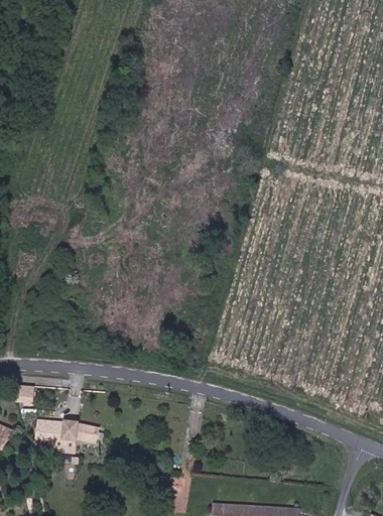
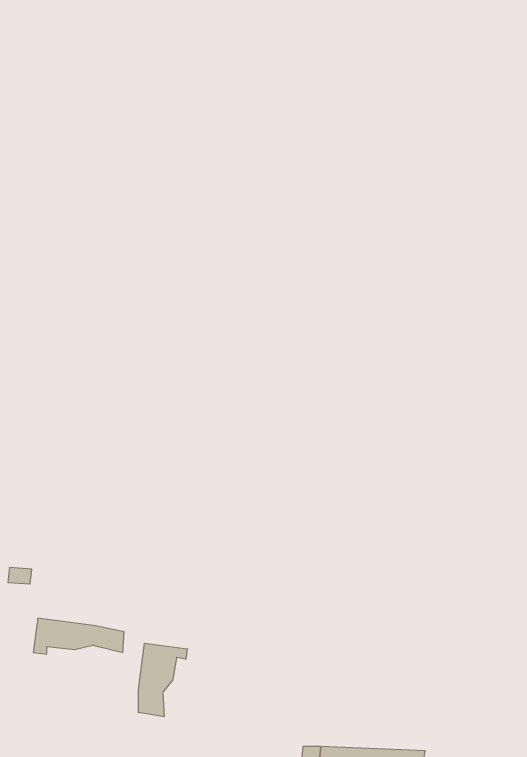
building: none -> [138,643,187,717]

